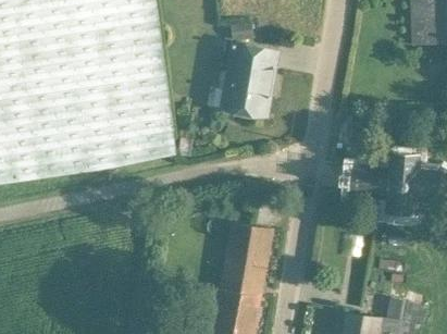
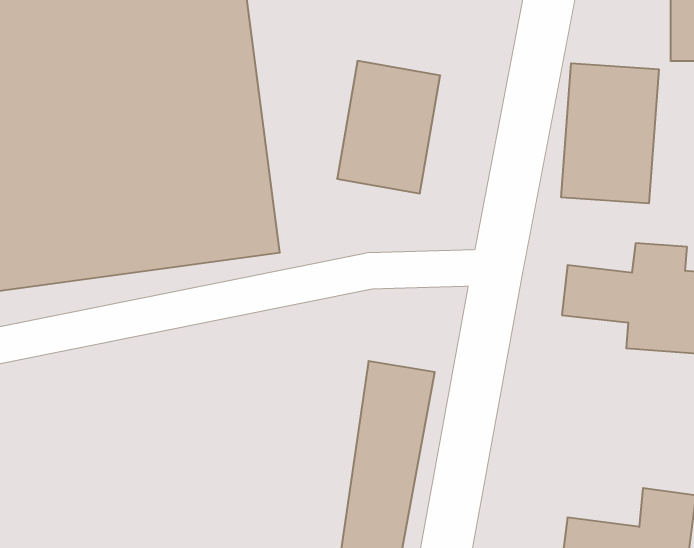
building: none -> [561,63,659,203]

